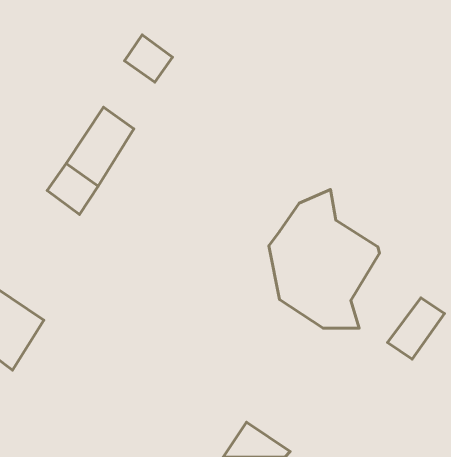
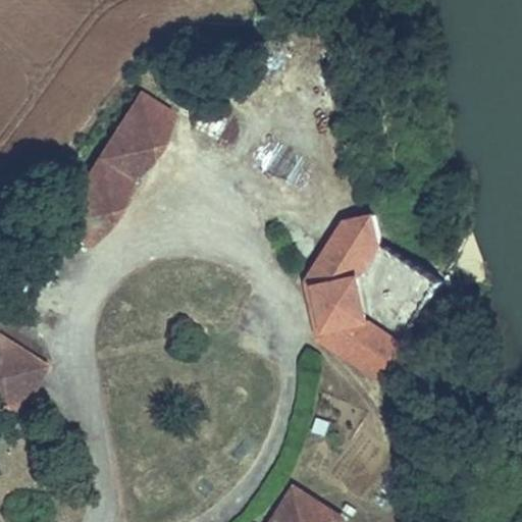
building: [124,35,173,82] -> [118,93,173,147]
building: [388,298,444,359] -> none

